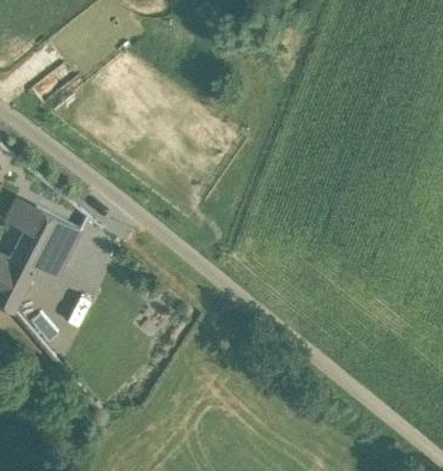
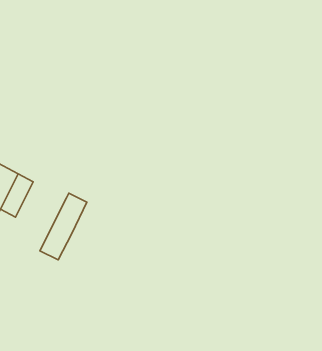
building: none -> [40,193,87,260]

